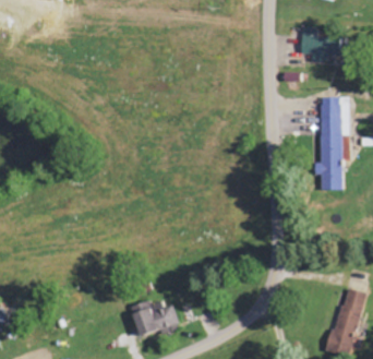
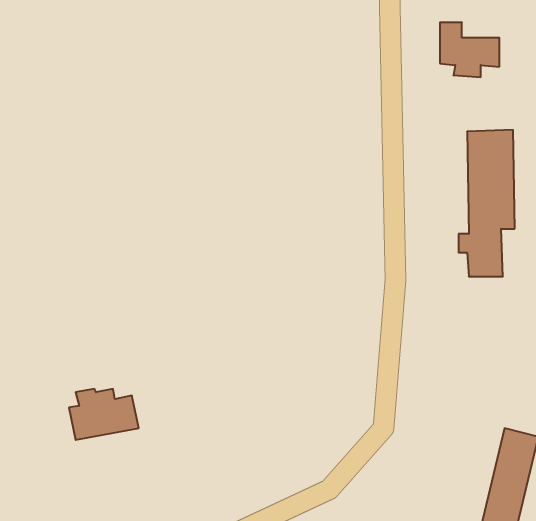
building: [132,301,177,334] -> [69,389,139,440]

